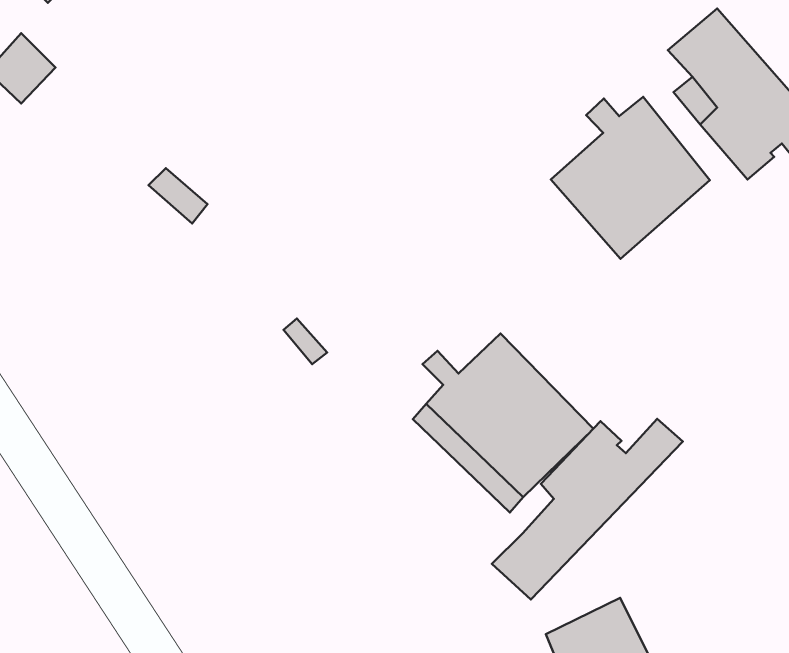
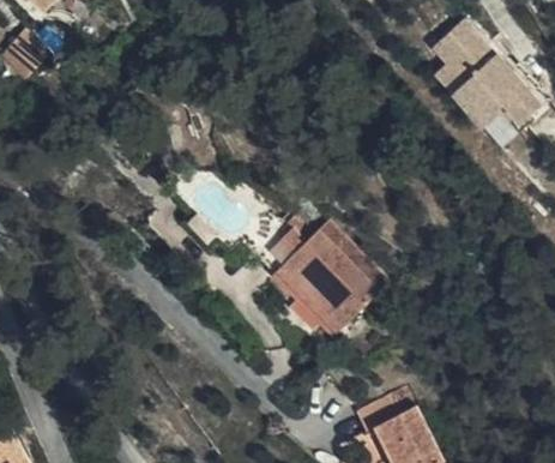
building: [551,97,710,259] -> none
building: [492,419,683,600] -> none

